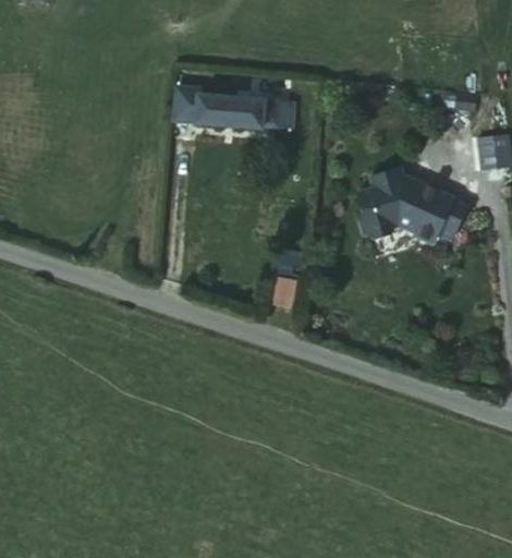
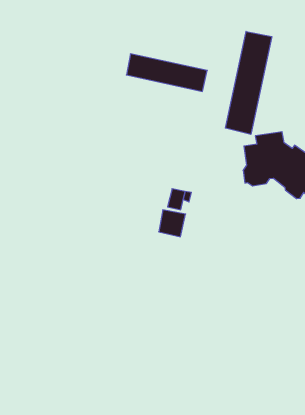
building: none -> [225,31,272,134]
building: [173,86,202,122] -> none

